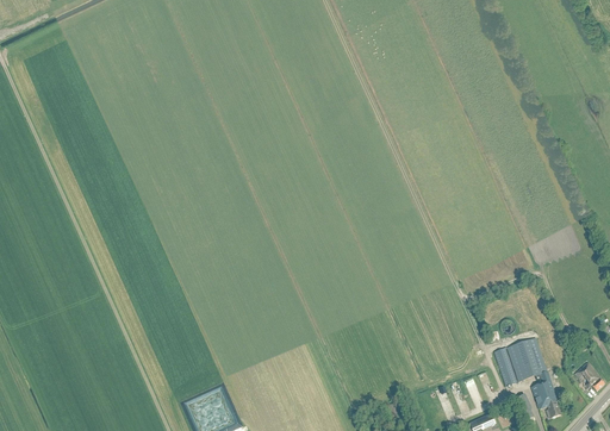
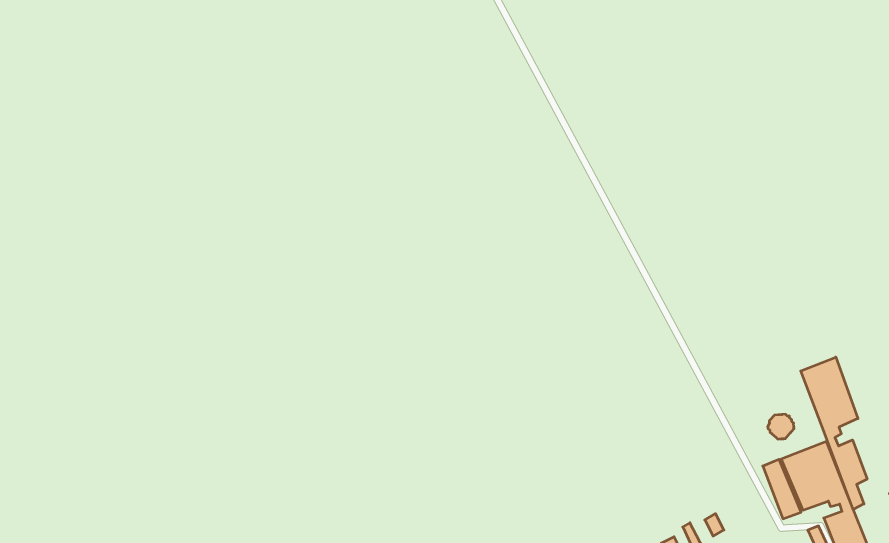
building: none -> [801,357,867,509]

